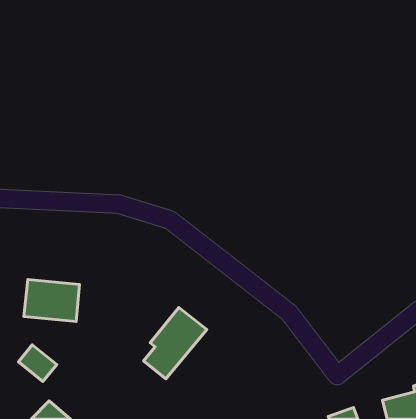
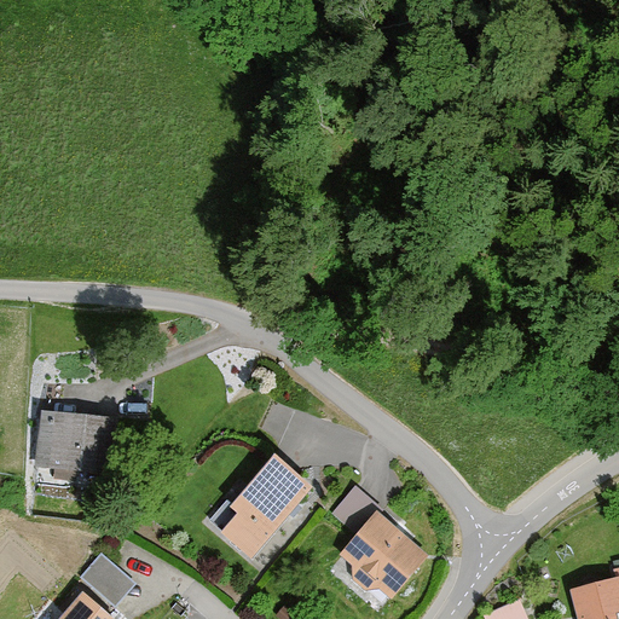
building: none -> [336,487,428,601]
building: [18,345,57,382] -> [80,555,137,609]

